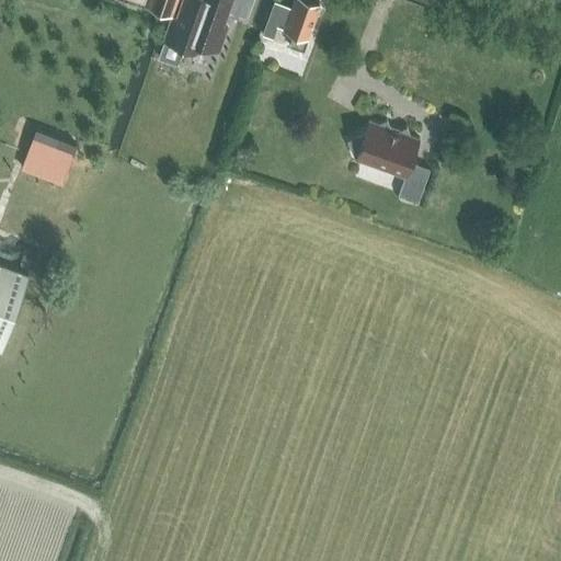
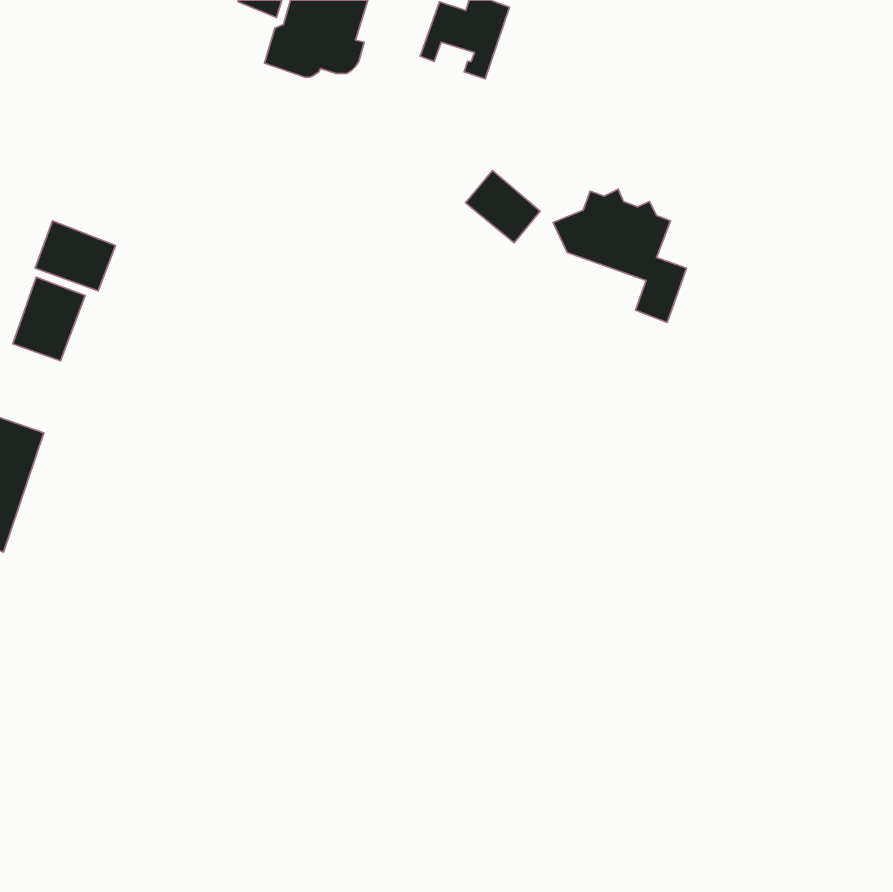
building: none -> [465,170,540,243]
building: none -> [13,277,85,361]

